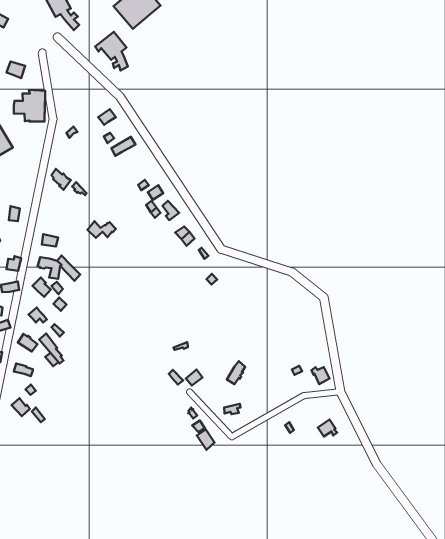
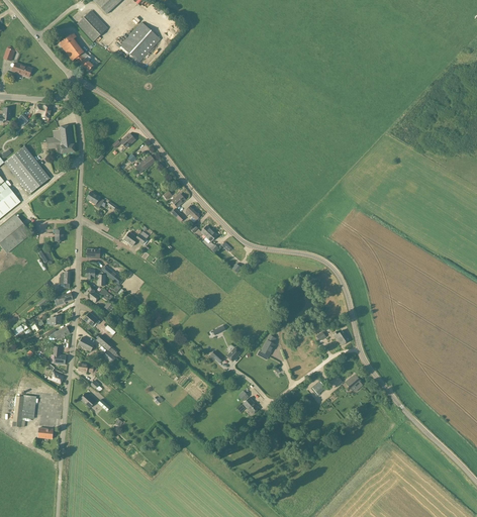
building: [95,32,128,71] -> none

